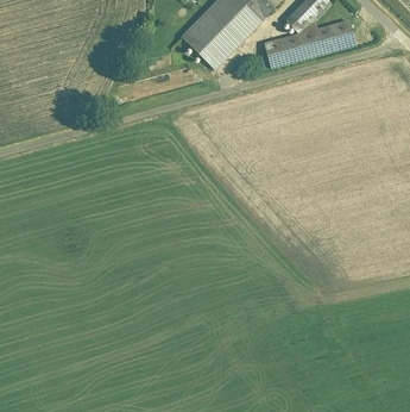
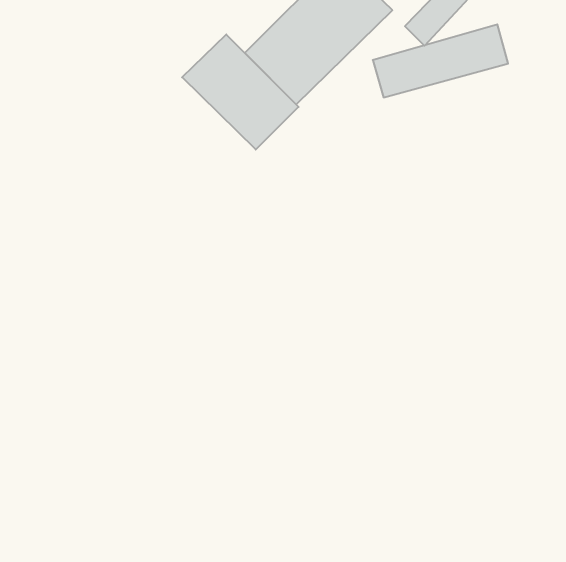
building: none -> [182,34,299,150]

